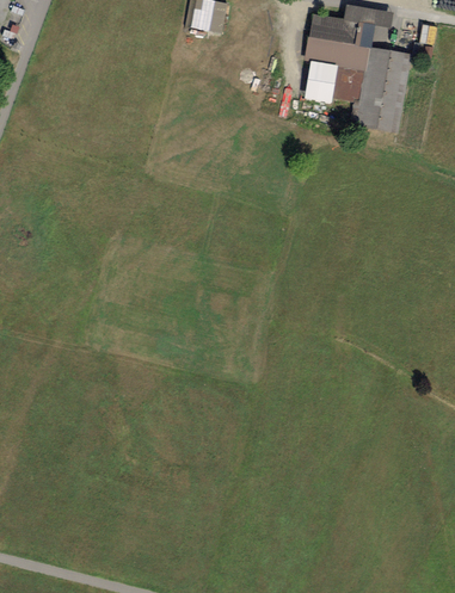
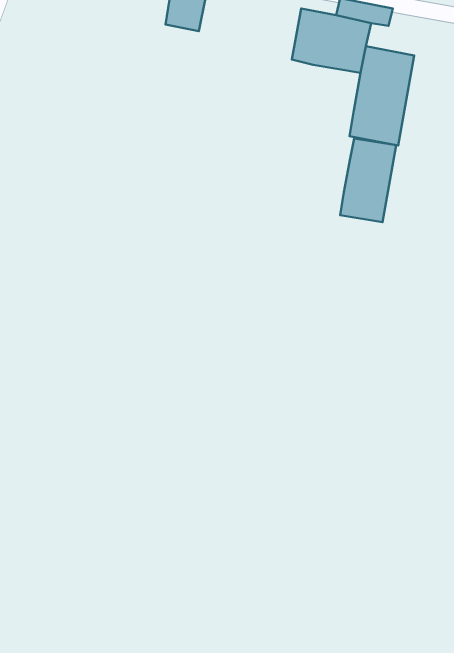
building: [318,63,363,104] -> none
building: none -> [340,138,396,222]

